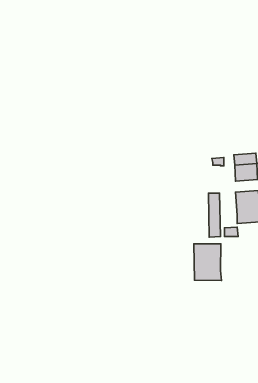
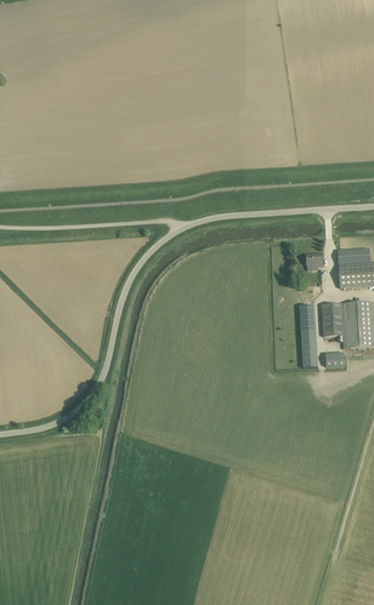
building: none -> [321,303,341,337]
building: [194,244,221,280] -> none

